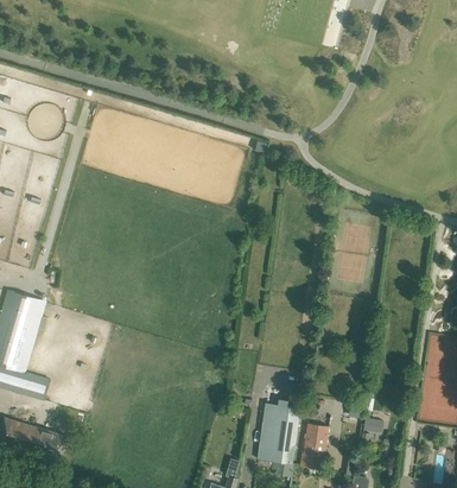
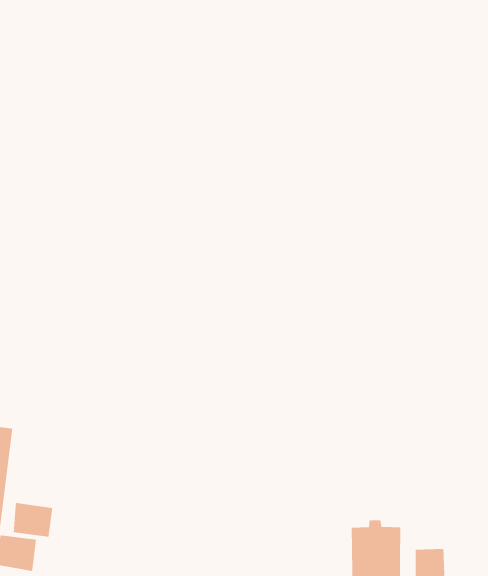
building: none -> [13,502,53,537]

